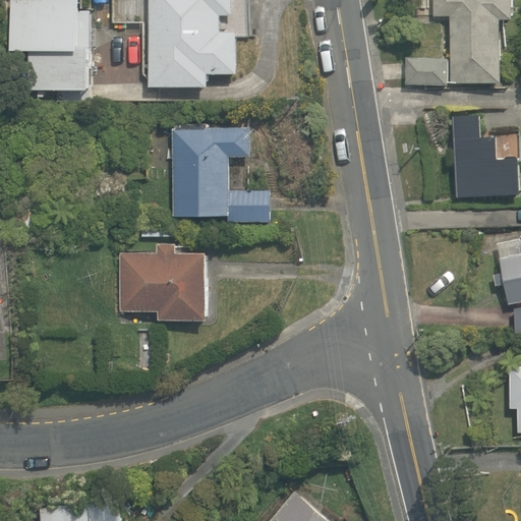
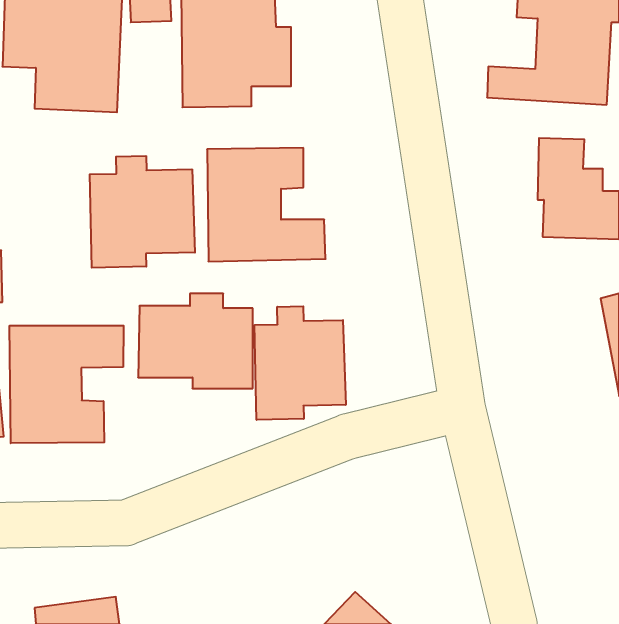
building: none -> [90,156,195,268]
building: none -> [255,306,346,420]
building: none -> [10,326,124,443]

